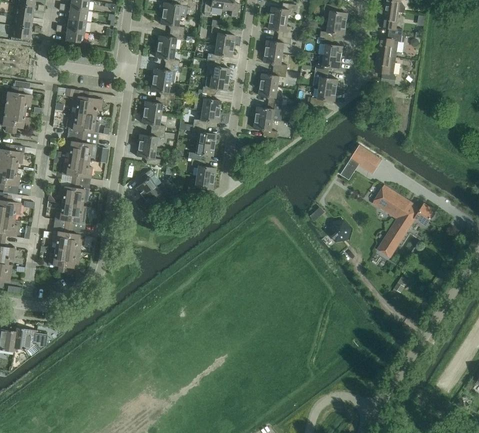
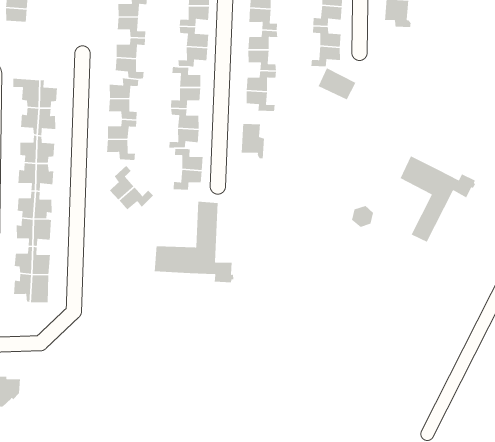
building: none -> [241,123,265,159]
building: [350,144,382,173] -> [318,67,356,101]
building: none -> [154,201,234,283]

